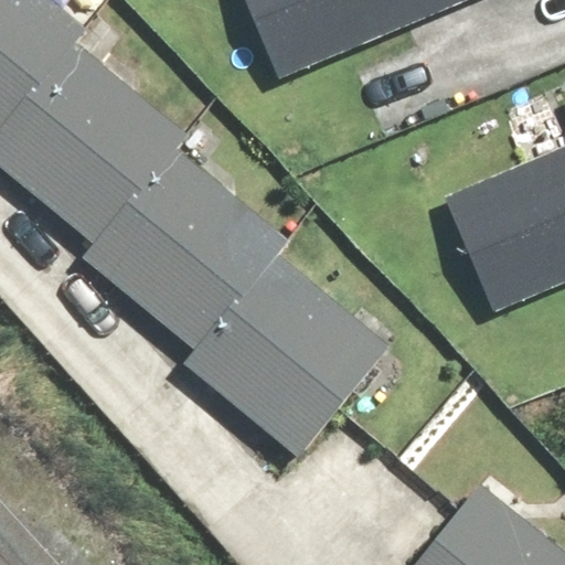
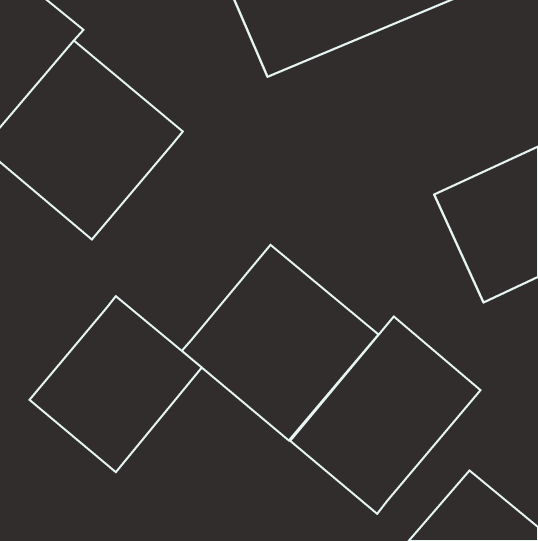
building: [86,149,289,351] -> none
building: none -> [30,296,202,472]
building: none -> [290,317,481,514]

